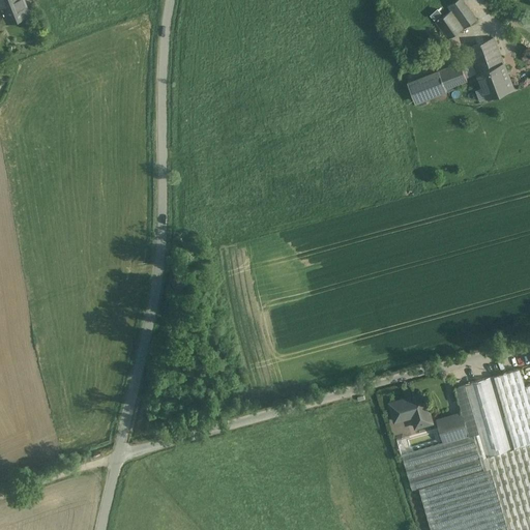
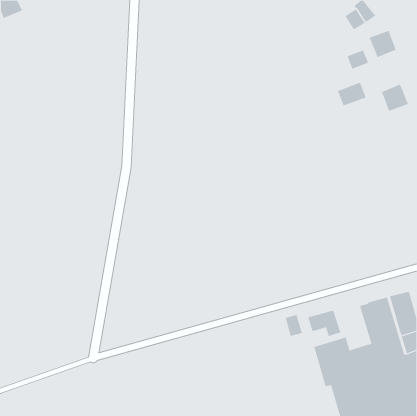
building: [478,64,513,99] -> [381,84,409,112]
building: [410,71,447,102] -> [337,82,367,106]
building: none -> [285,314,302,337]
building: [437,413,470,445] -> none

